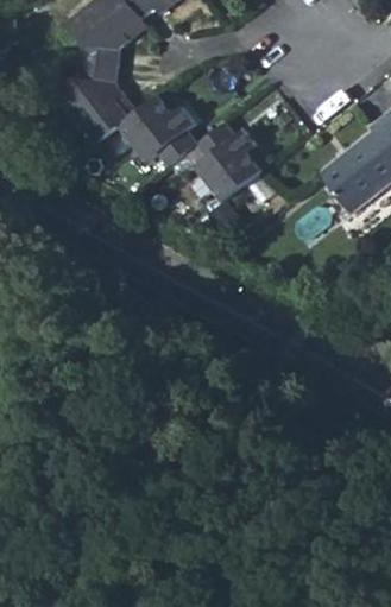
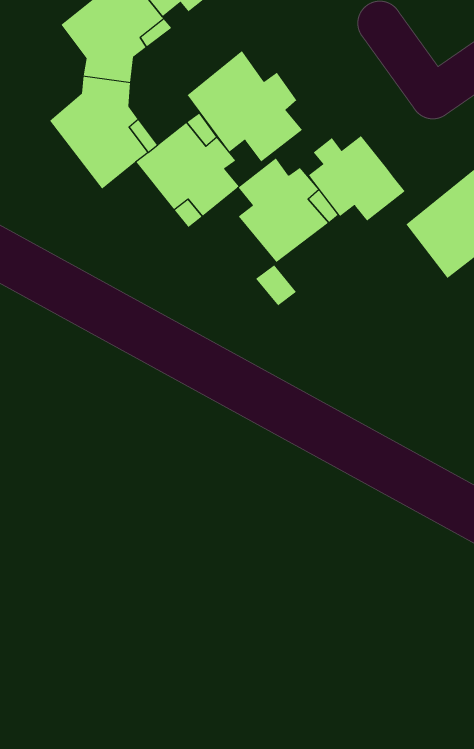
building: none -> [187,50,303,162]
building: none -> [308,135,406,222]

